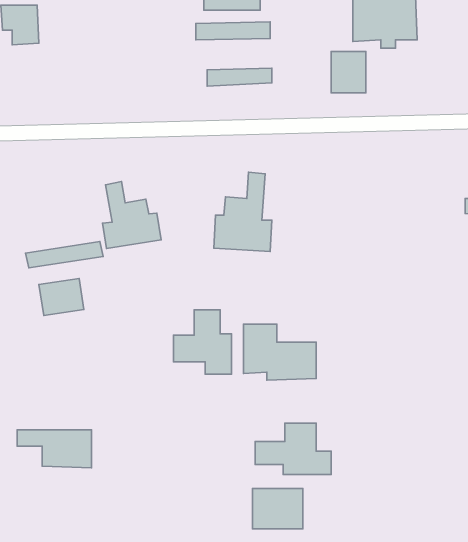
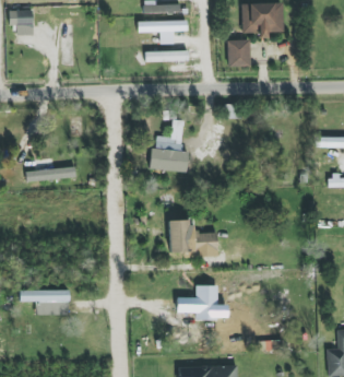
building: [102,182,161,249] -> none
building: [39,278,84,316] -> none
building: [174,310,231,374] -> none
building: [253,489,303,529] -> none

